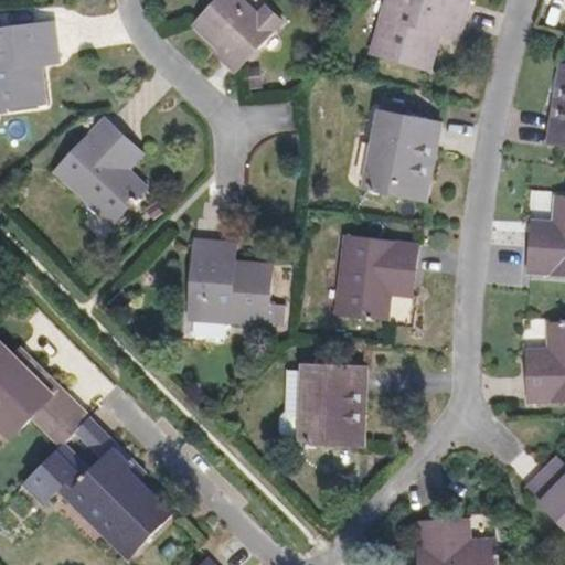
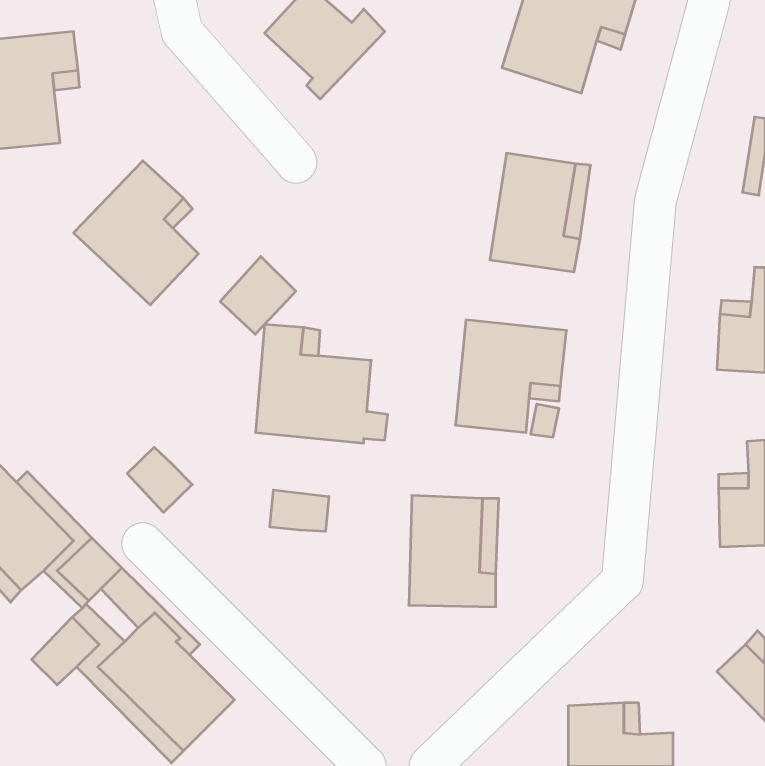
building: none -> [220,256,296,334]
building: none -> [127,447,192,512]
building: none -> [270,490,329,531]

